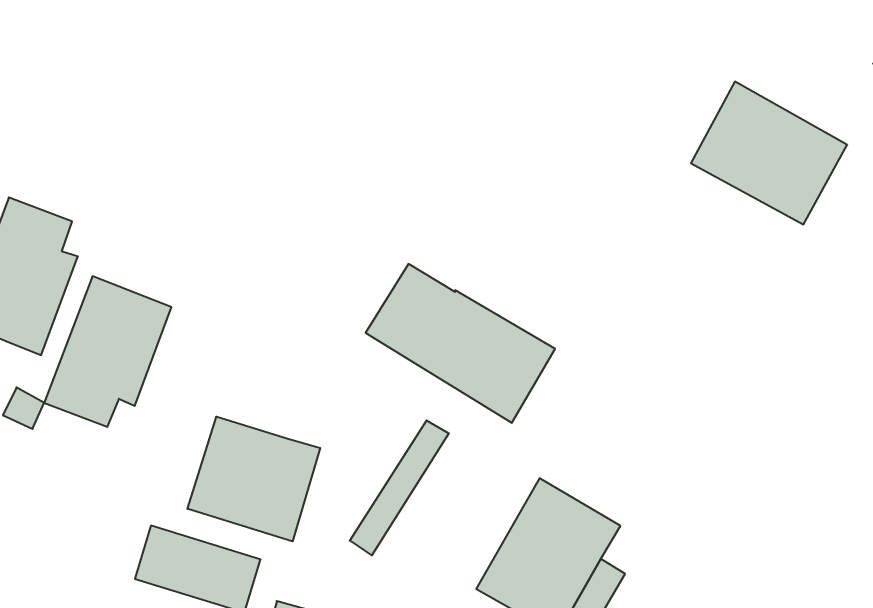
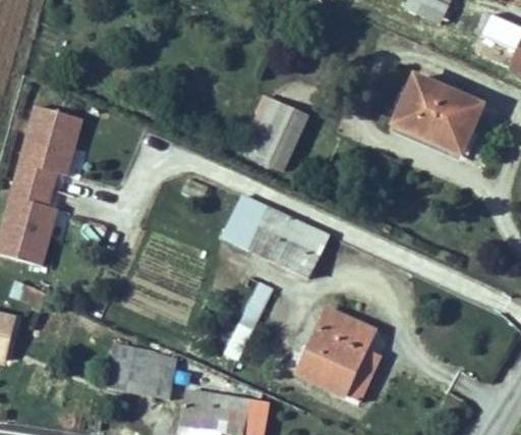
building: none -> [239,96,308,170]
building: [44,276,171,427] -> [15,105,81,188]
building: [187,417,320,541] -> none

